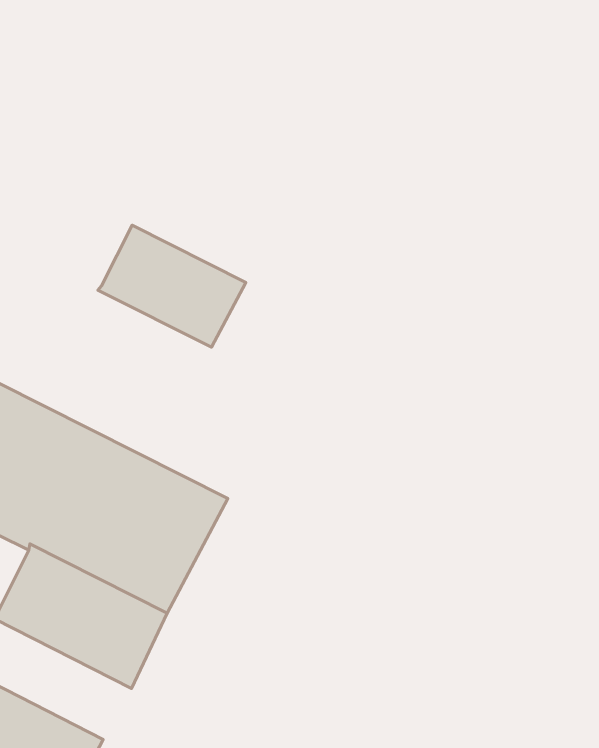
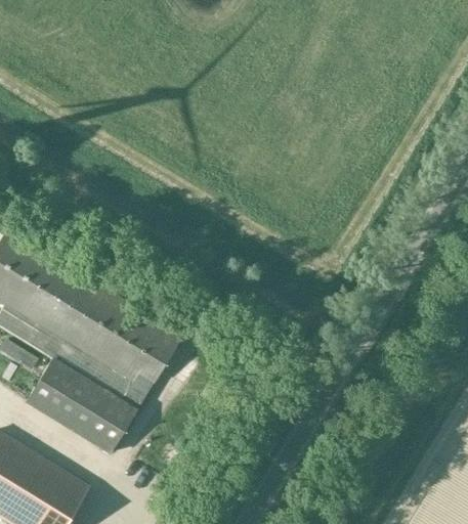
building: [98,225,246,347] -> none

